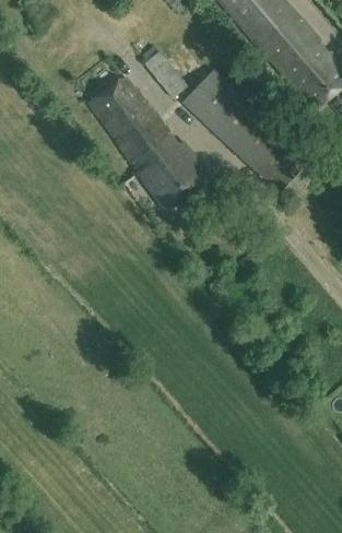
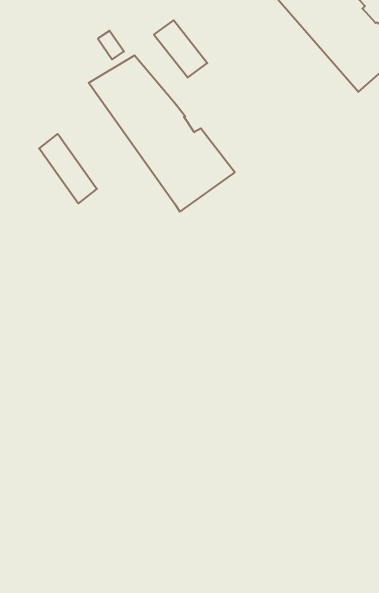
building: [181,69,308,191] -> none
building: none -> [39,134,97,203]

